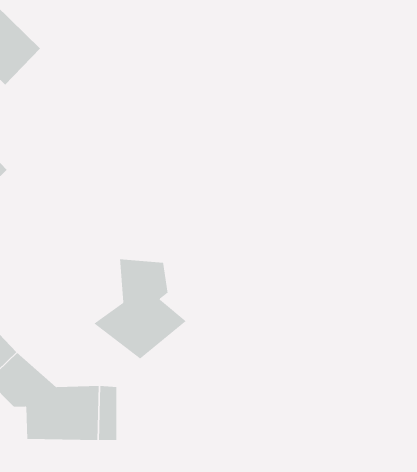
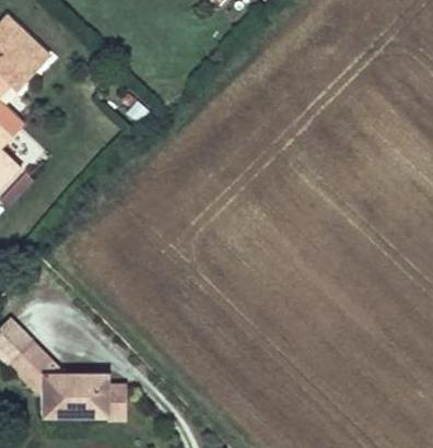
building: [93,259,187,359] -> none

